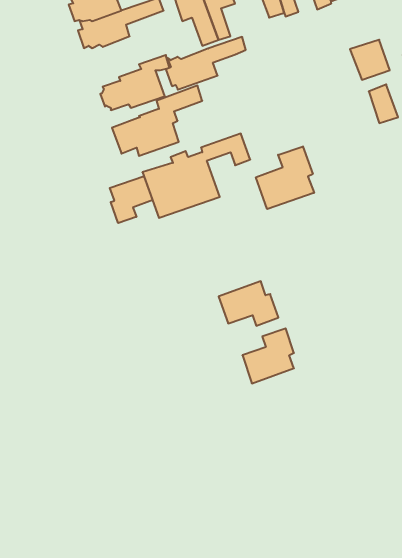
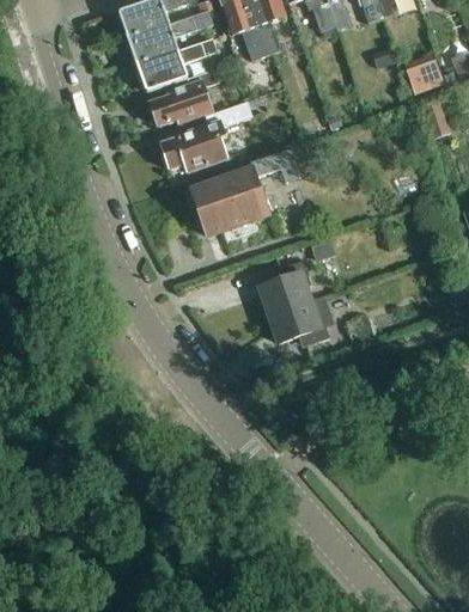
building: [166,37,246,90] -> [135,38,217,92]
building: [256,146,314,209] -> none
building: [110,176,152,223] -> none
building: [242,328,294,383] -> [260,259,312,316]

